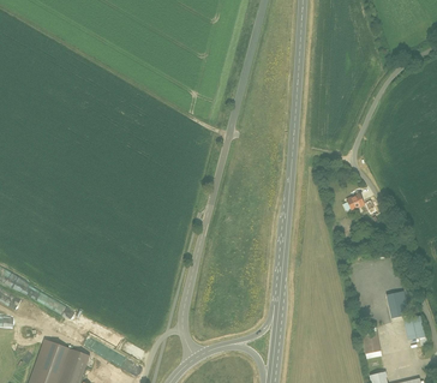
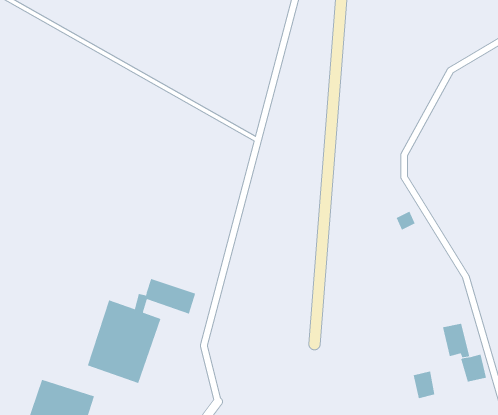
building: none -> [87,278,196,384]

